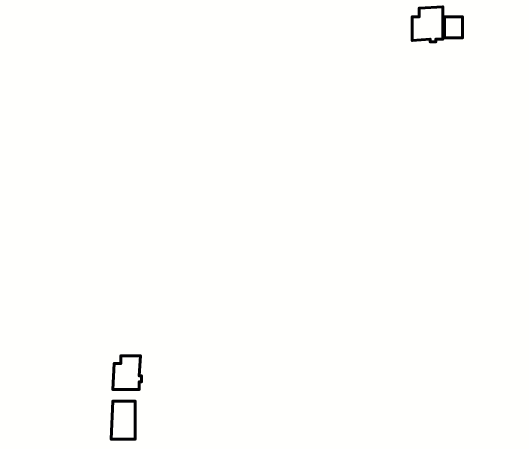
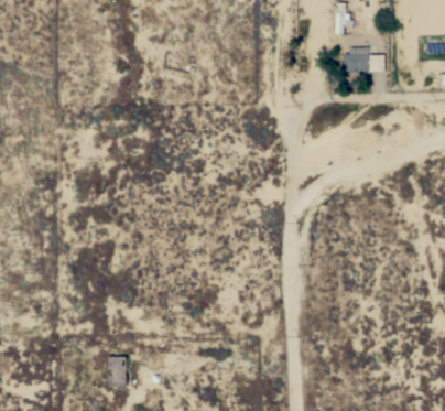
building: [113,356,141,390] -> none

